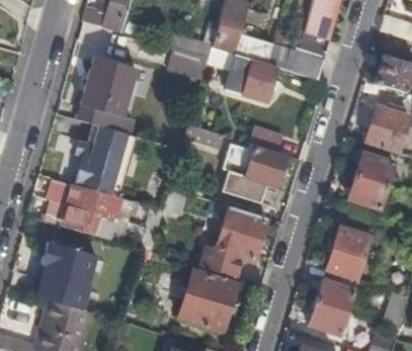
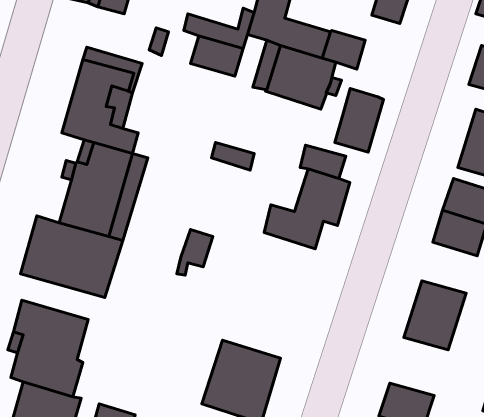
building: [292,32,327,79] -> [335,89,383,152]
building: [200,206,265,276] -> none
building: [316,277,355,311] -> none

